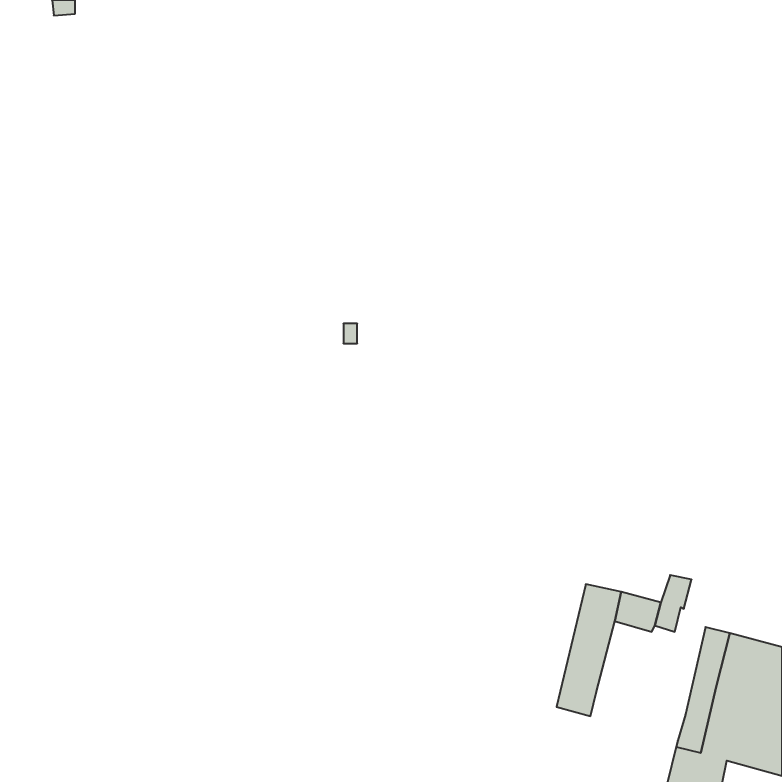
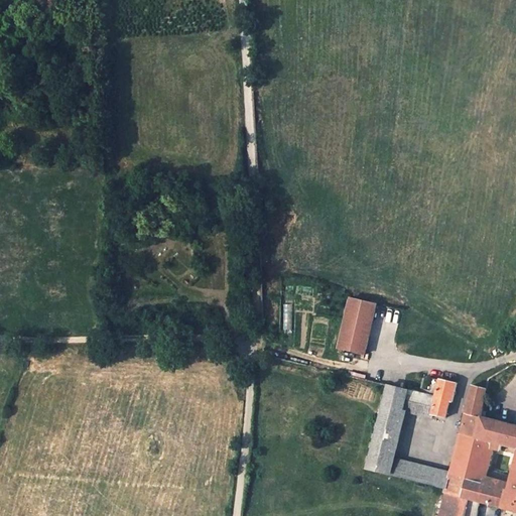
building: none -> [338,298,379,356]
building: none -> [464,385,484,417]
building: none -> [388,456,450,488]

